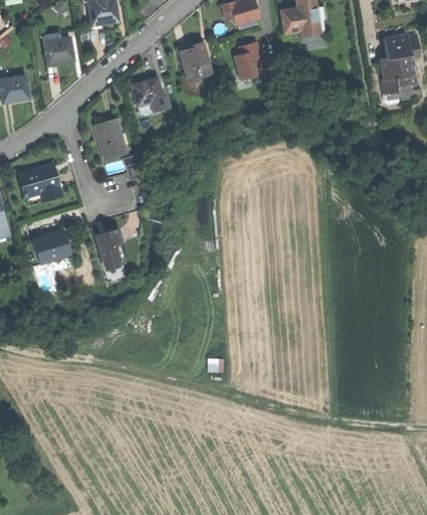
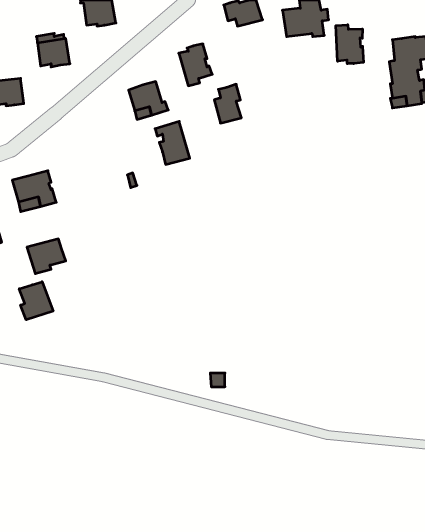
building: none -> [336,25,363,64]
building: [235,42,261,79] -> [214,84,241,123]
building: [93,118,127,159] -> [155,121,190,164]
building: [96,229,125,270] -> none
building: none -> [19,282,53,320]

